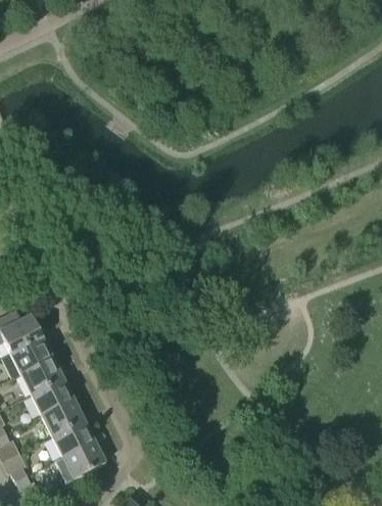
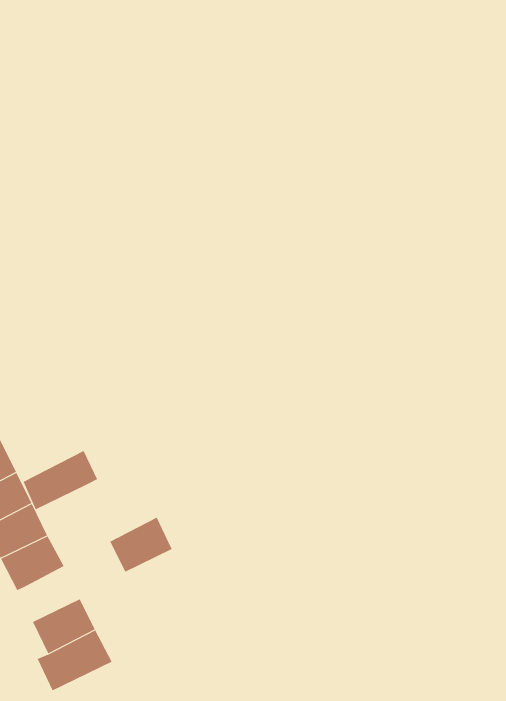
building: none -> [23,450,98,510]
building: [42,401,84,438] -> [109,517,173,572]

